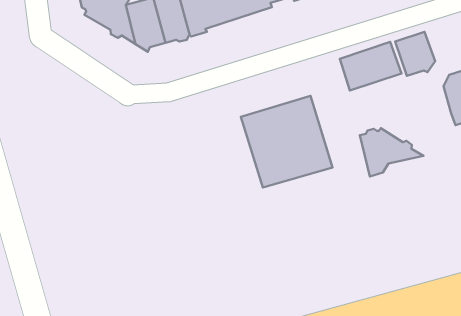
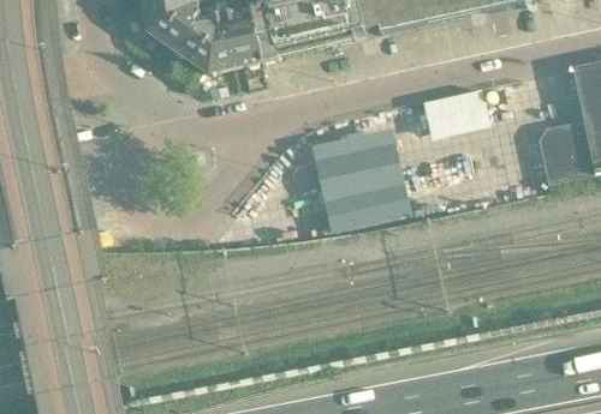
building: [395,32,435,76] -> none
building: [360,128,424,177] -> none

